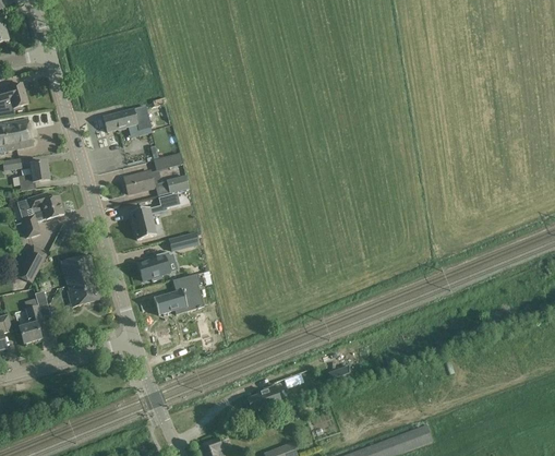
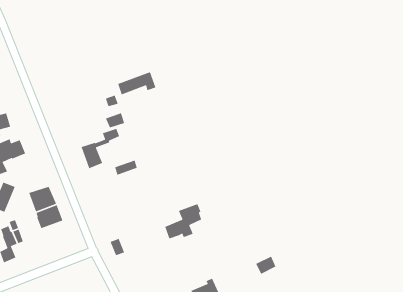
building: [104,105,150,131] -> [117,71,157,96]
building: [123,170,159,193] -> none
building: [137,250,176,280] -> none
building: [154,273,201,313] -> [164,203,202,239]

